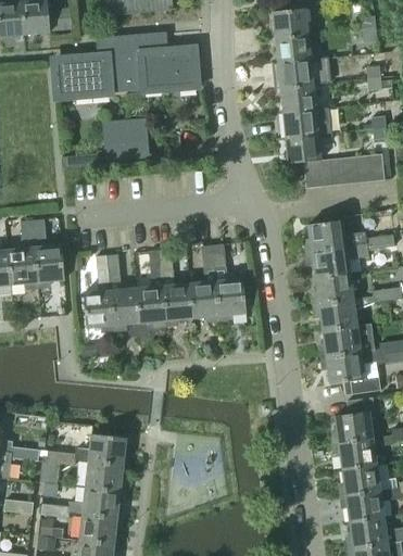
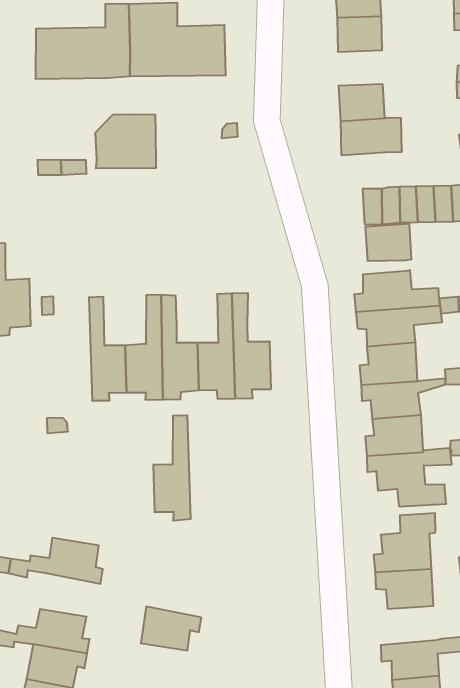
building: [278,59,313,87] -> none
building: [286,134,322,163] -> [365,224,412,261]
building: [84,255,114,333] -> [153,415,191,521]
building: [86,460,129,491] -> [141,607,201,651]
building: [337,466,380,497] -> none

